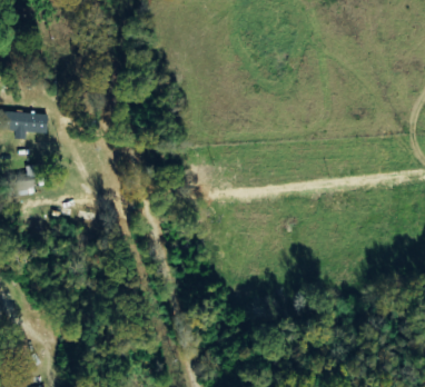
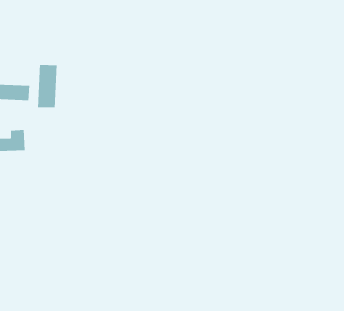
building: none -> [38,64,57,108]

